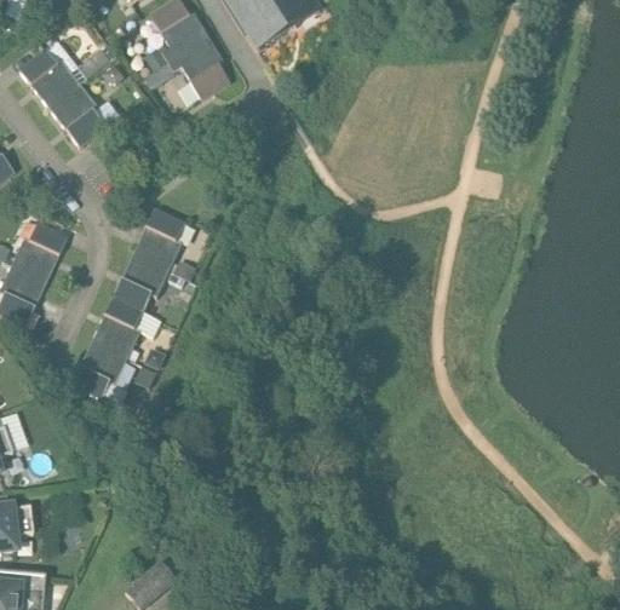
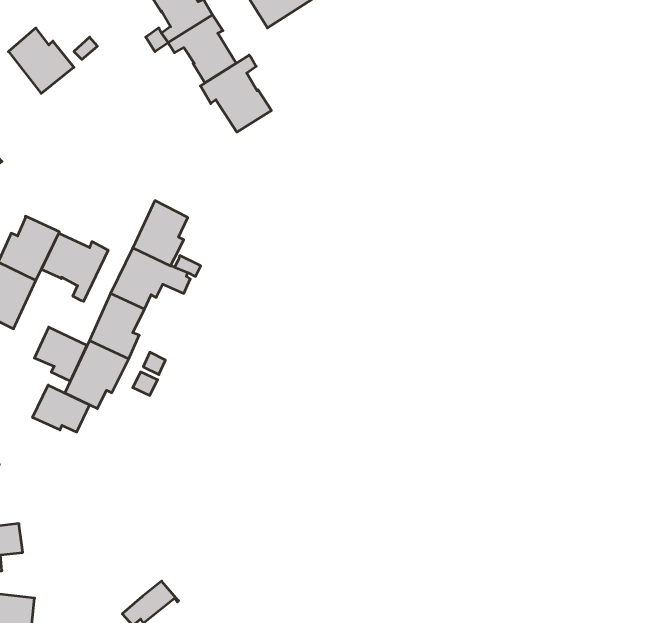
building: none -> [200,55,271,132]
building: [50,85,105,146] -> none
building: none -> [41,233,108,301]
building: none -> [34,327,87,381]
building: none -> [33,385,89,432]

